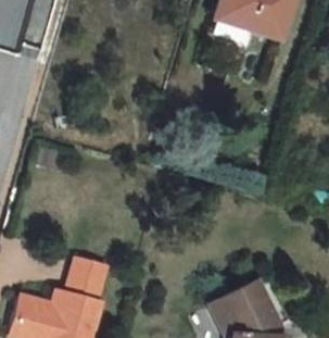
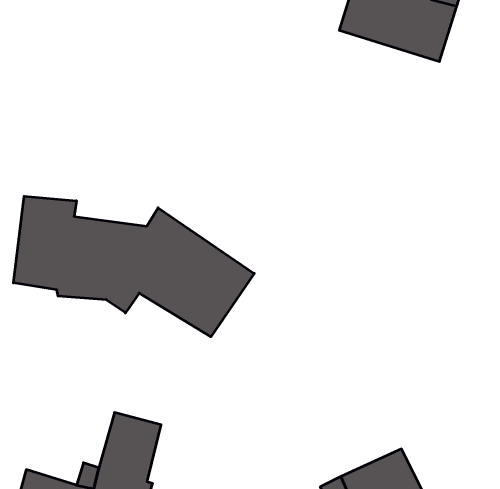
building: none -> [13,196,254,337]

